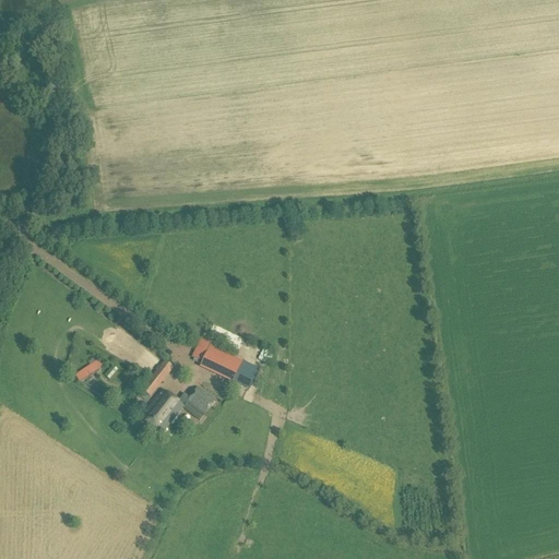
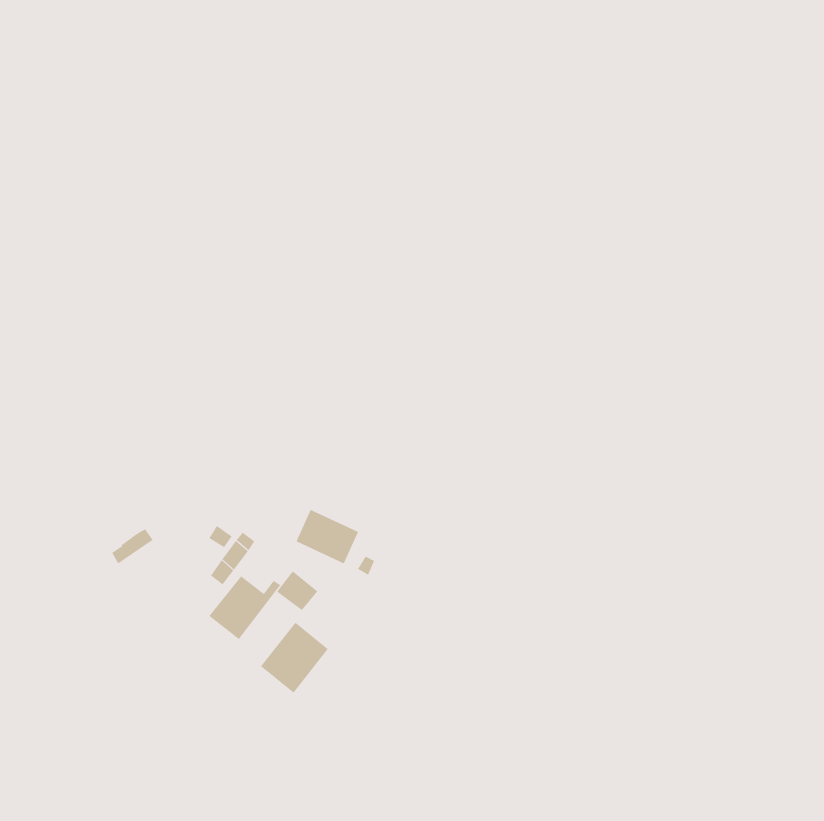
building: none -> [260,622,329,693]

